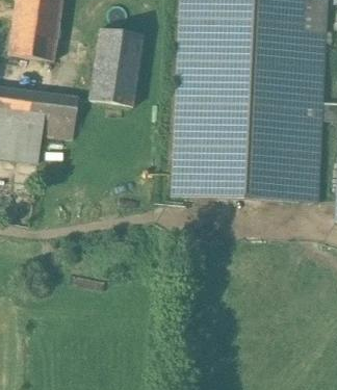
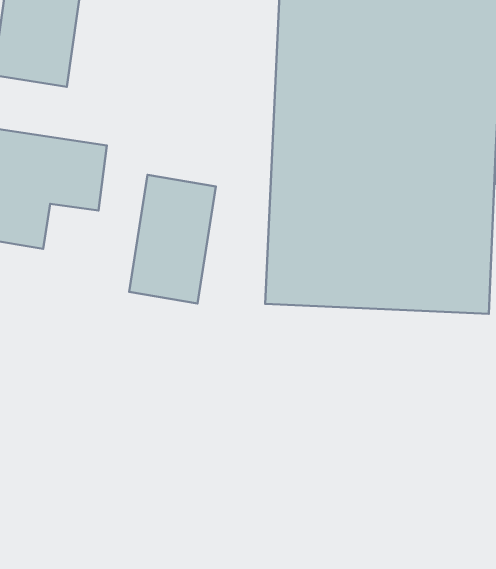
building: [90,25,145,105] -> [129,175,216,303]

